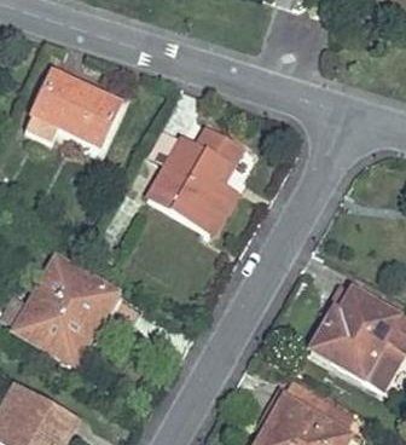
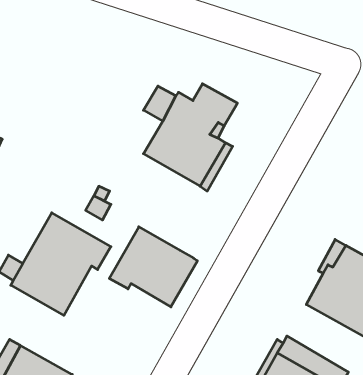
building: [25,73,118,145] -> none
building: none -> [109,227,197,307]

